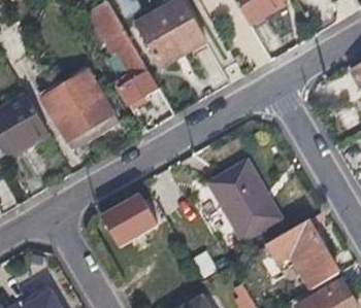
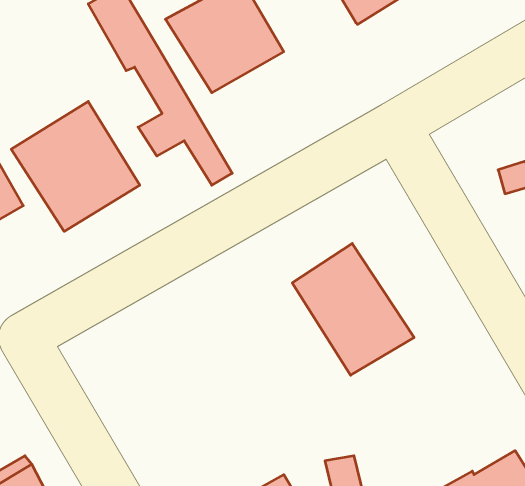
building: [104,198,160,246] -> none
building: [267,216,341,285] -> none

